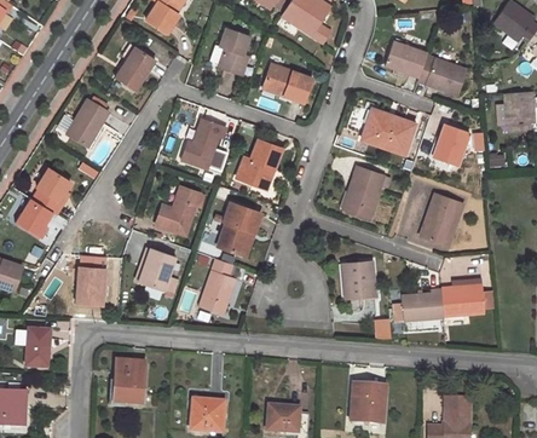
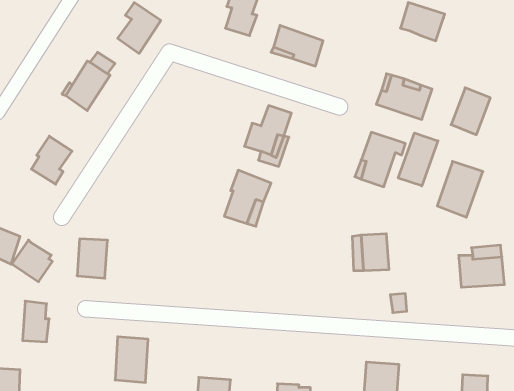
building: [417,57,466,97] -> none
building: [180,120,226,168] -> none
building: none -> [398,133,438,186]
building: [155,186,200,235] -> none
building: [15,198,53,238] -> [12,240,52,282]
building: [139,249,174,290] -> none
building: [200,258,235,313] -> none
building: [402,286,444,319] -> none

